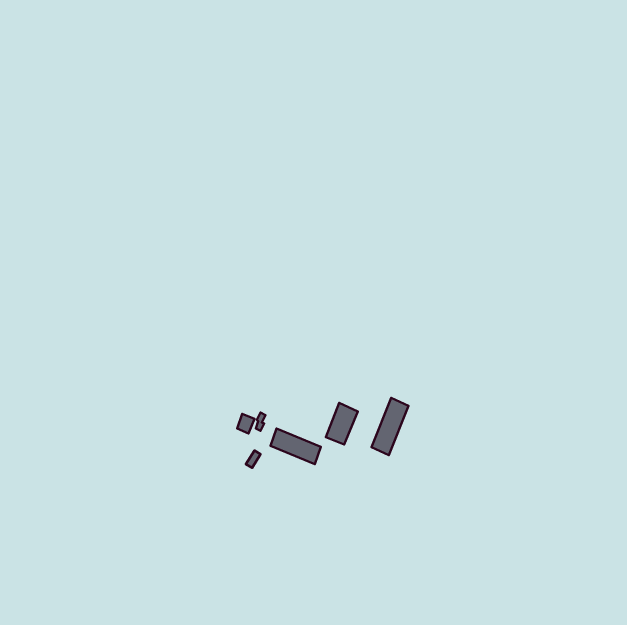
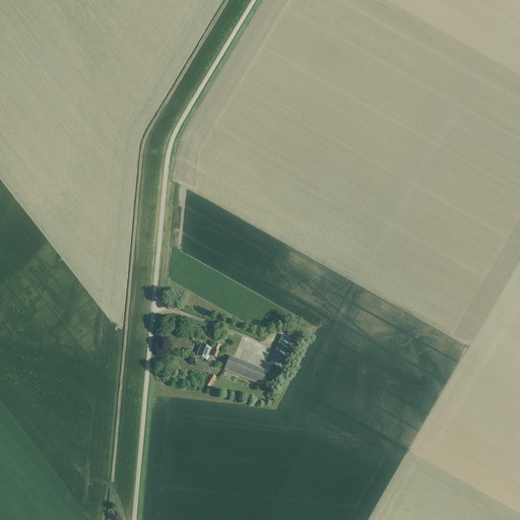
building: [371,398,408,455] -> none

